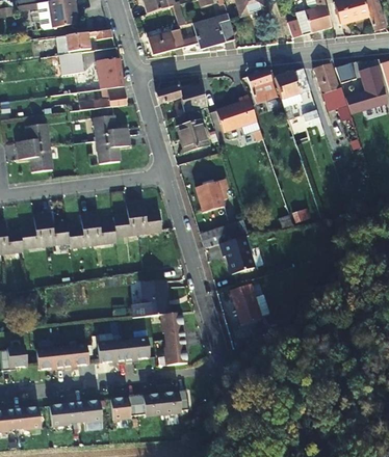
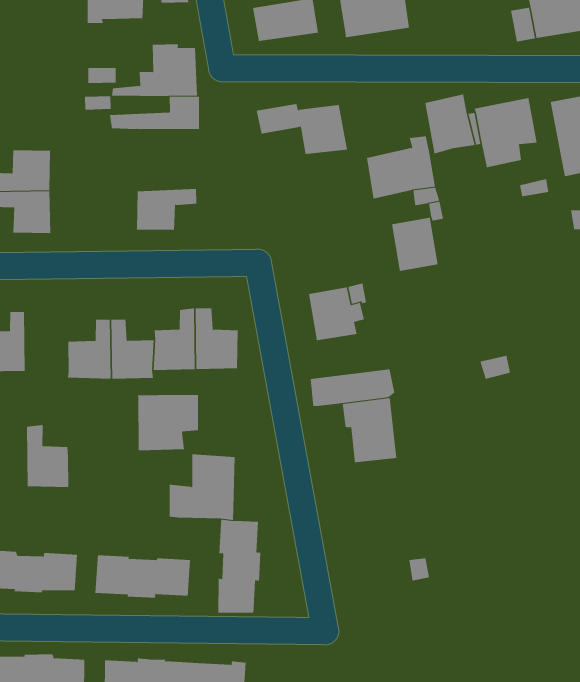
building: [59,52,84,75] -> none
building: [94,116,129,142] -> none
building: [178,120,206,152] -> [391,217,439,271]
building: [44,212,71,246] -> [26,425,69,487]
building: none -> [138,394,198,451]
building: [230,284,260,324] -> none

